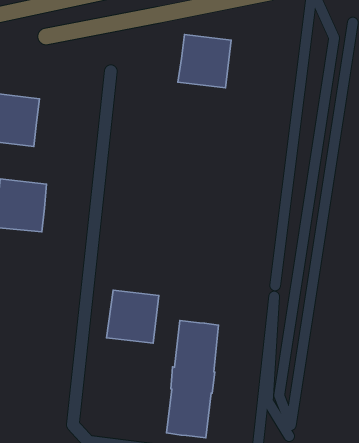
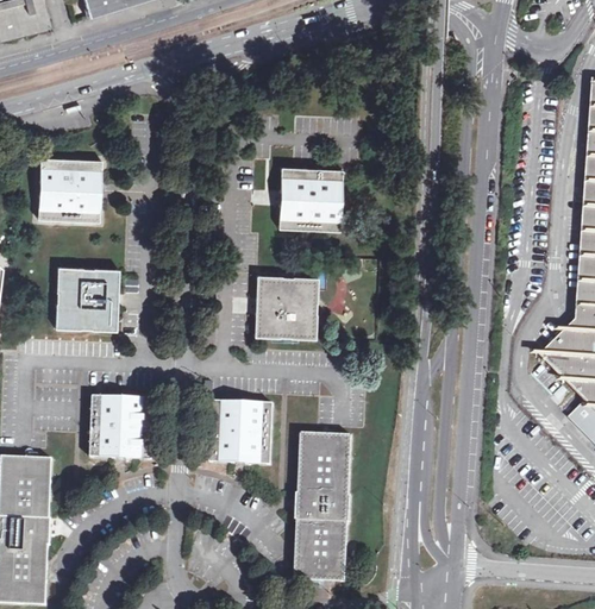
building: [178,35,231,88] -> [276,167,340,231]
building: none -> [252,275,317,339]
building: none -> [89,396,154,458]

